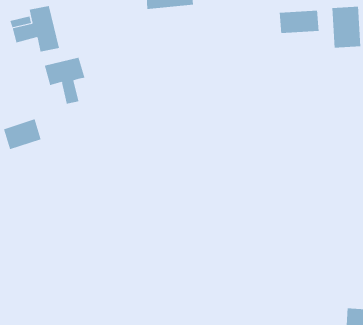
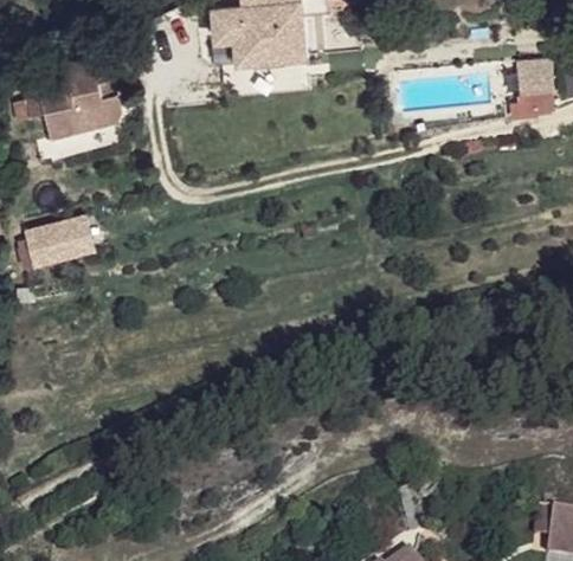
building: [279,10,319,34] -> none
building: [44,57,85,105] -> none

